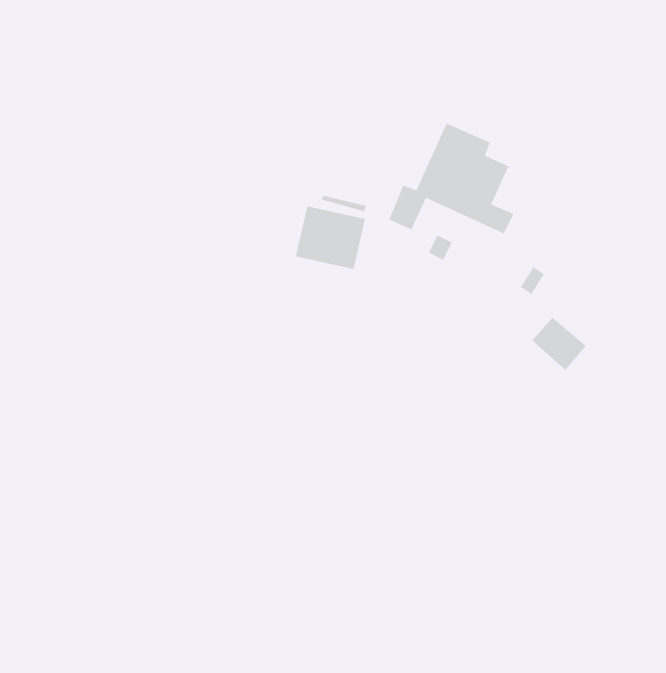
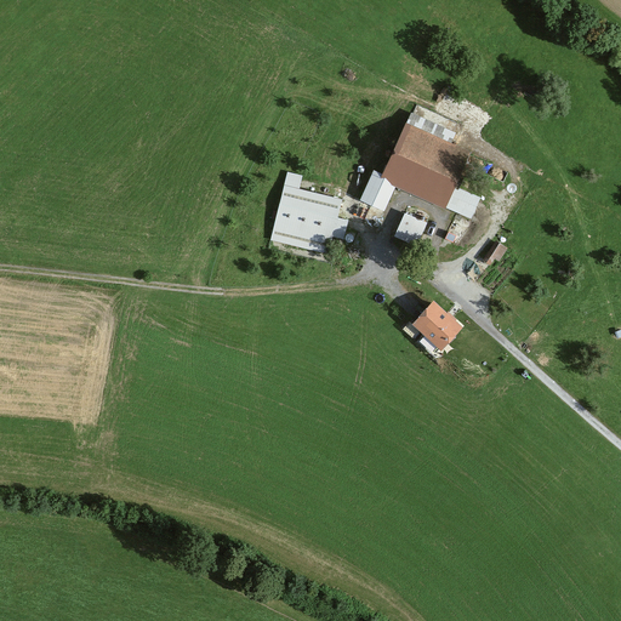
building: [531,317,587,371] -> [411,303,462,353]

